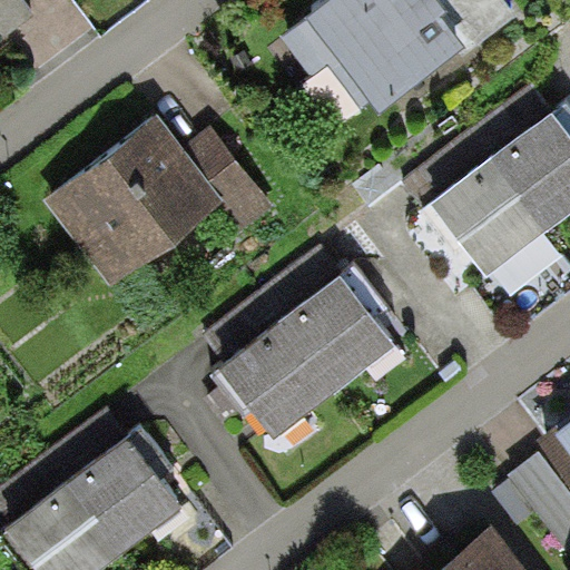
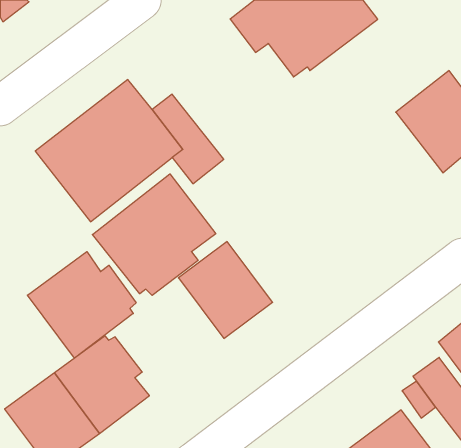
building: [434,156,547,275] -> none
building: none -> [92,174,216,295]
building: [282,267,400,390] -> none
building: none -> [27,252,136,358]

